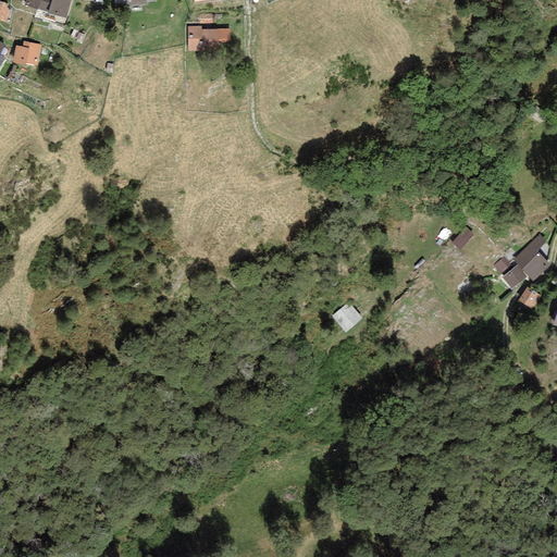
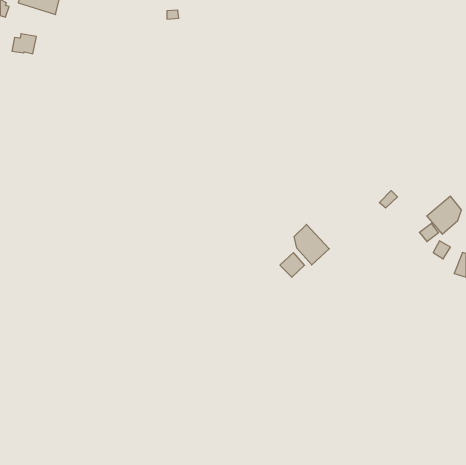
building: [188,25,231,49] -> none
building: none -> [294,224,329,265]

